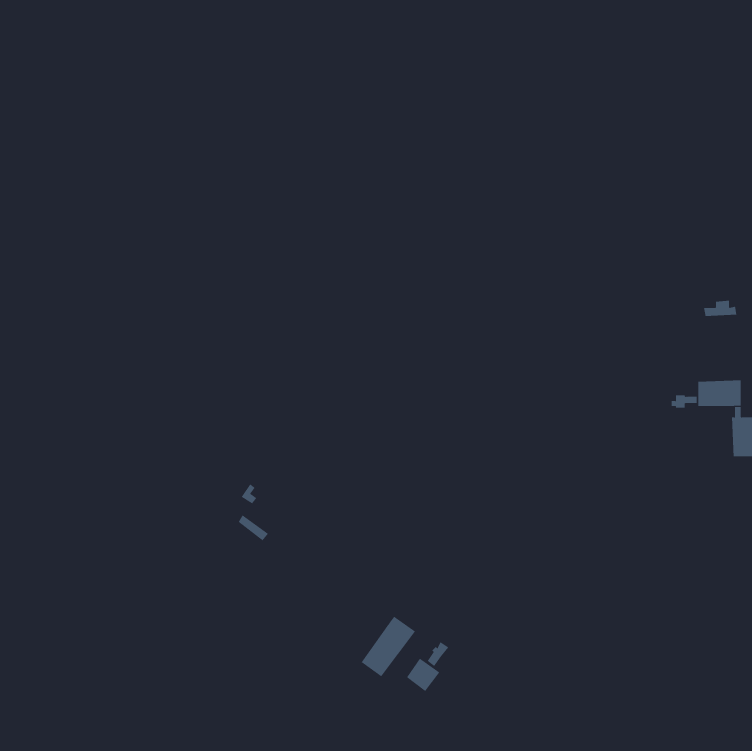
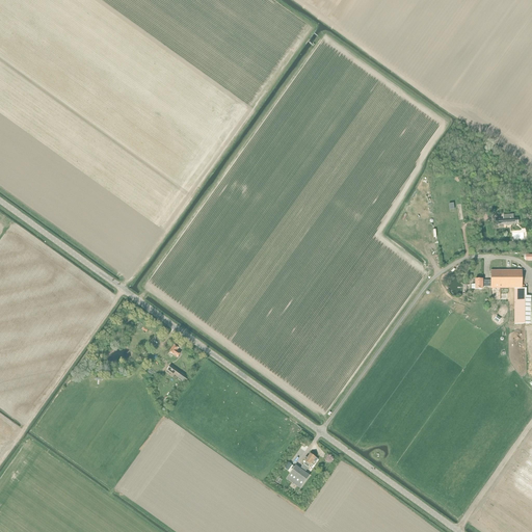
building: [361,616,416,677] -> none

